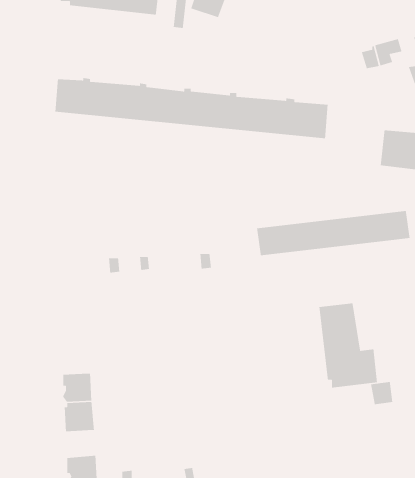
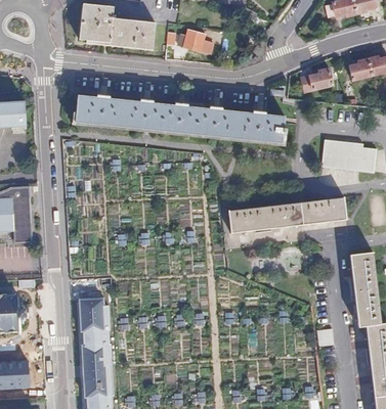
building: [319,302,378,388] -> none
building: none -> [80,300,102,322]
building: none -> [83,365,106,385]

